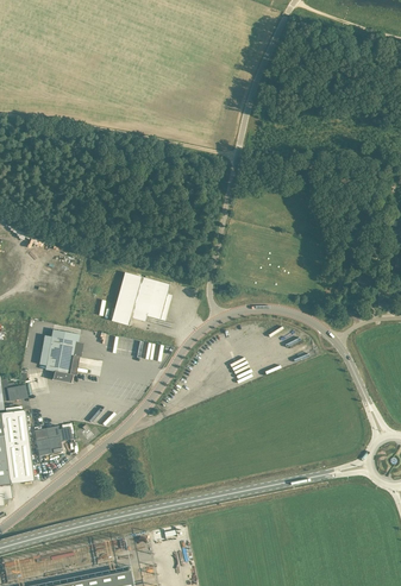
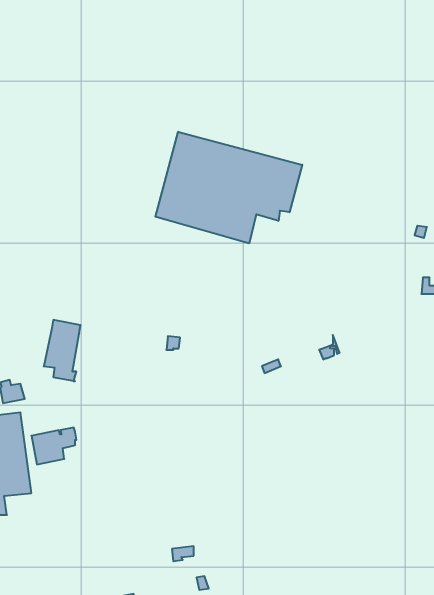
building: none -> [155,132,302,243]
building: [109,272,168,326] -> none

